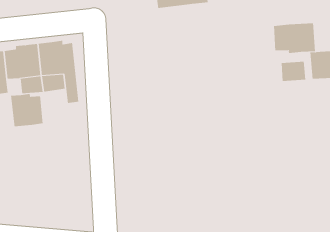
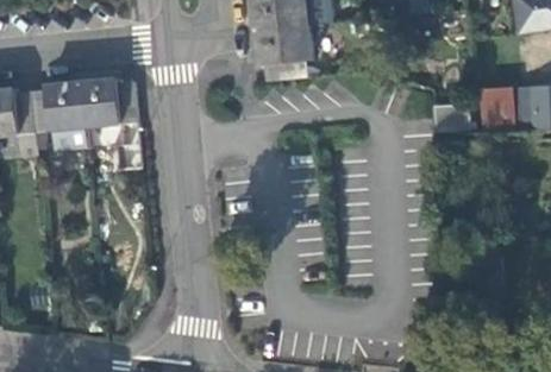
building: none -> [256,19,312,77]
building: [273,22,316,54] -> none
building: [11,93,43,127] -> none

